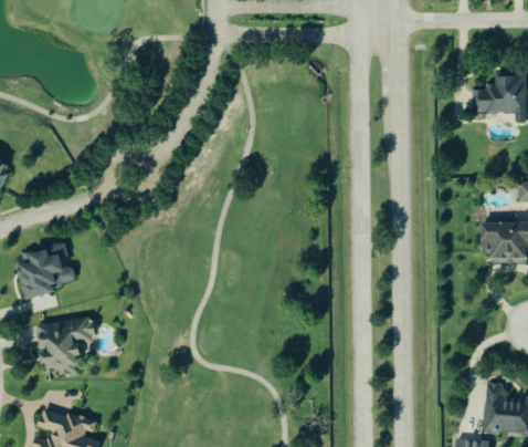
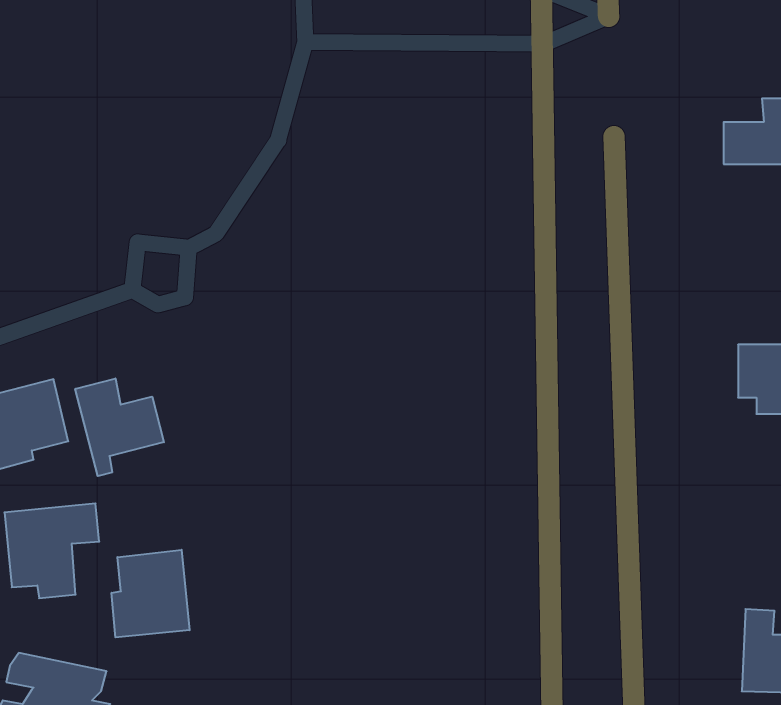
building: none -> [75,378,164,476]
building: none -> [112,550,190,637]

